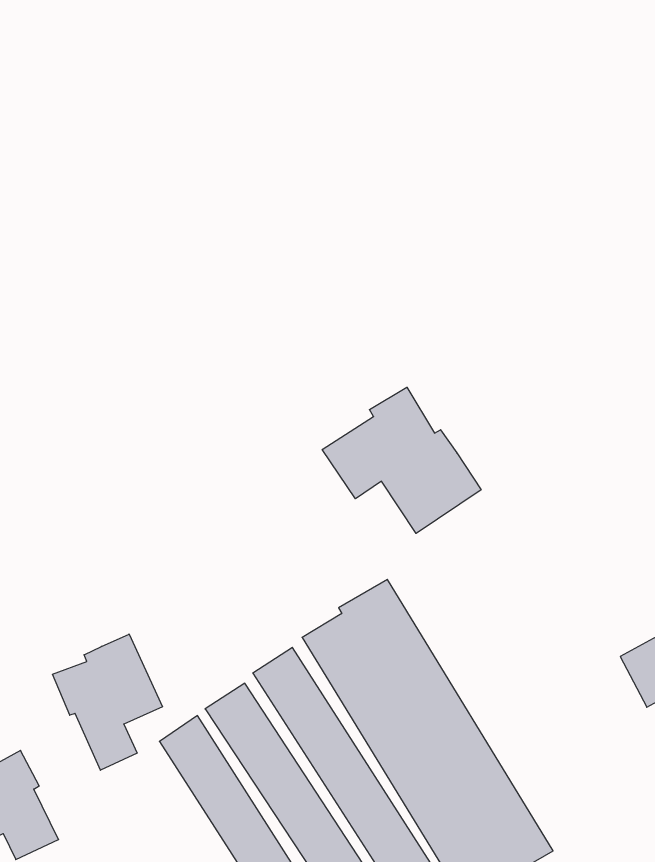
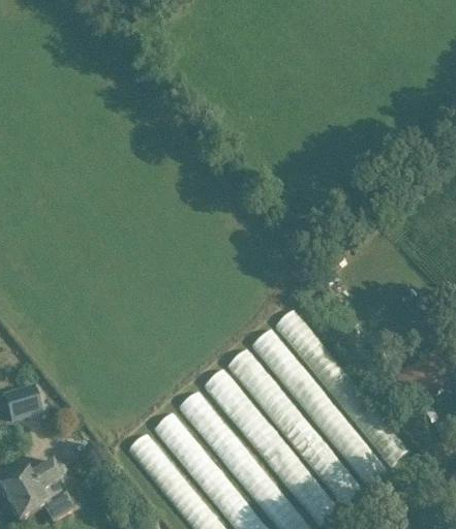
building: [322,387,481,533] -> none
building: none -> [250,310,408,487]
building: [53,634,163,770] -> none

